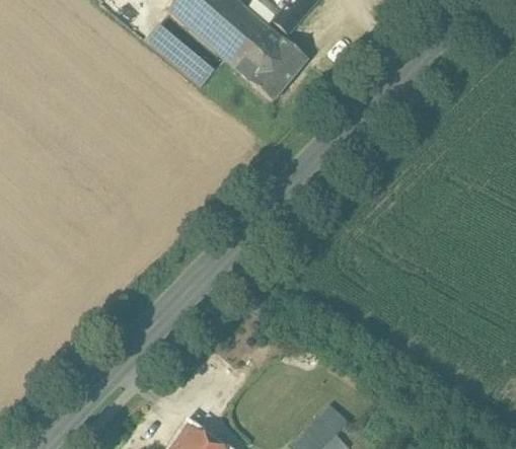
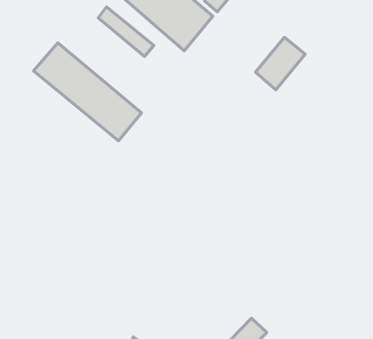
building: [248,39,308,101] -> [255,37,305,90]
building: none -> [33,43,141,141]

